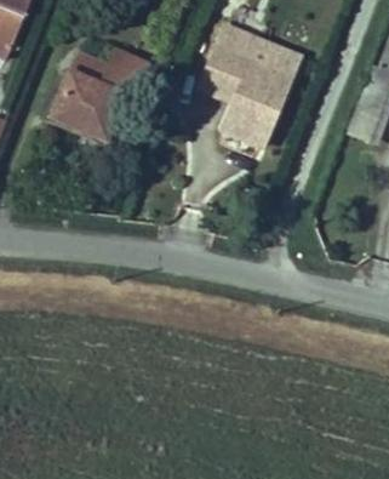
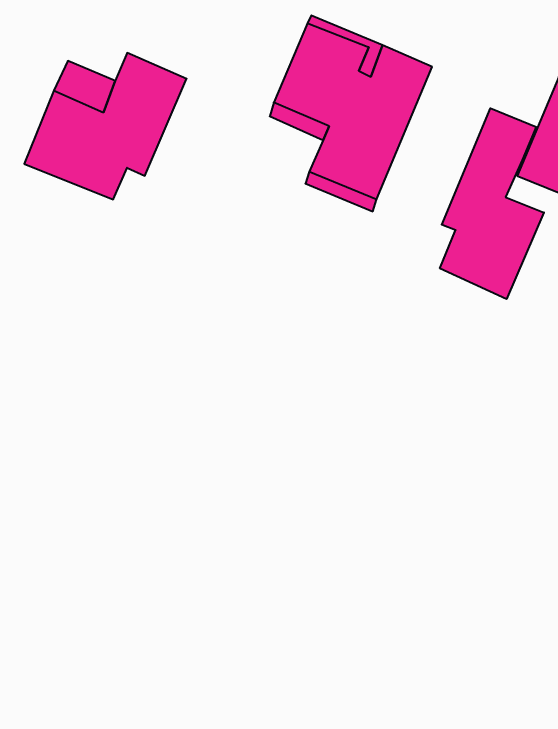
building: none -> [440,108,544,299]

